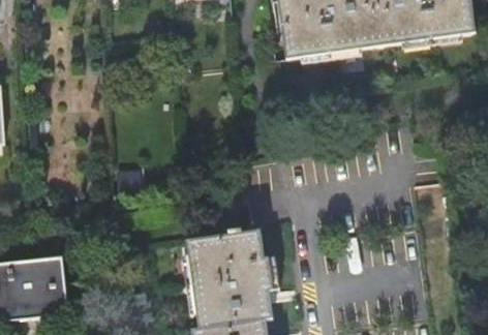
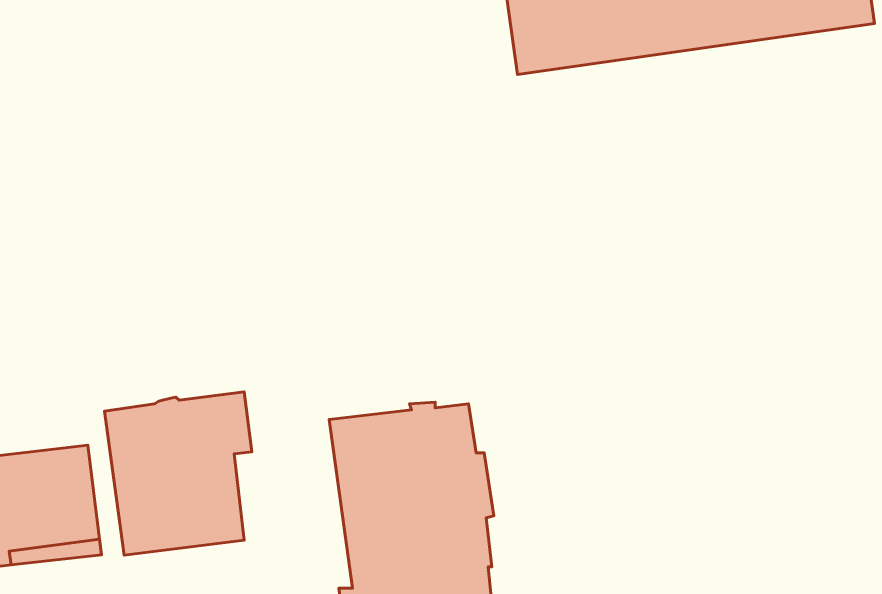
building: none -> [105,392,252,555]

